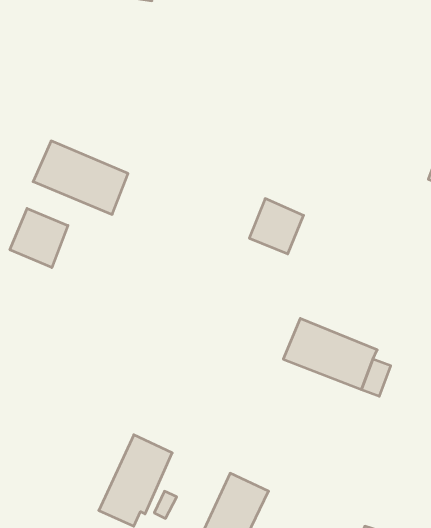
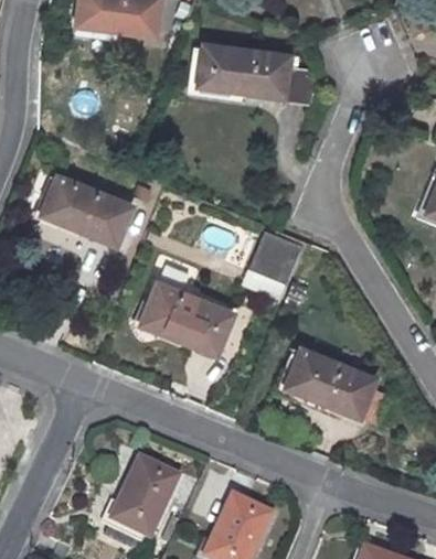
building: none -> [195,43,316,106]
building: [10,208,68,268] -> none
building: none -> [140,283,231,353]

